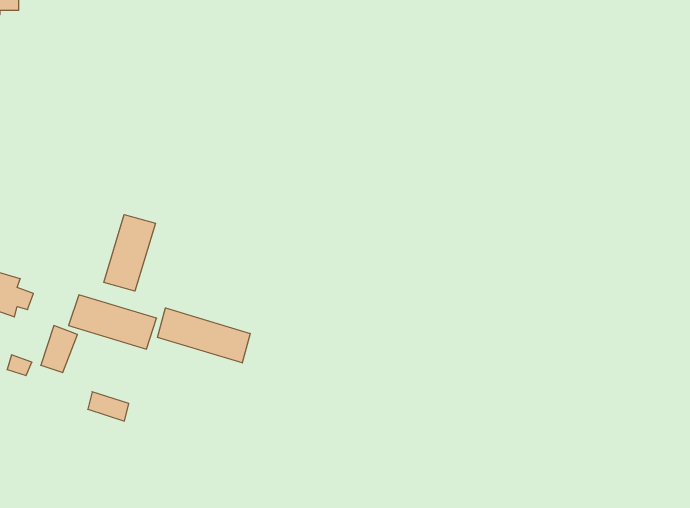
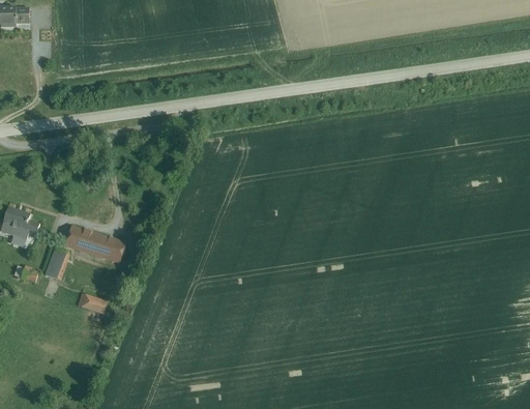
building: [104,215,155,291] -> none
building: [158,308,250,363] -> none

